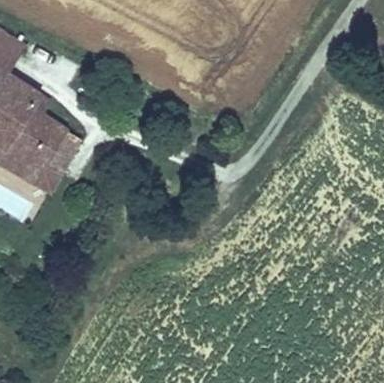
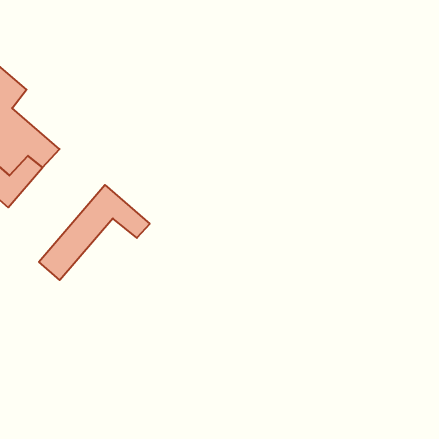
building: none -> [39,185,150,280]

